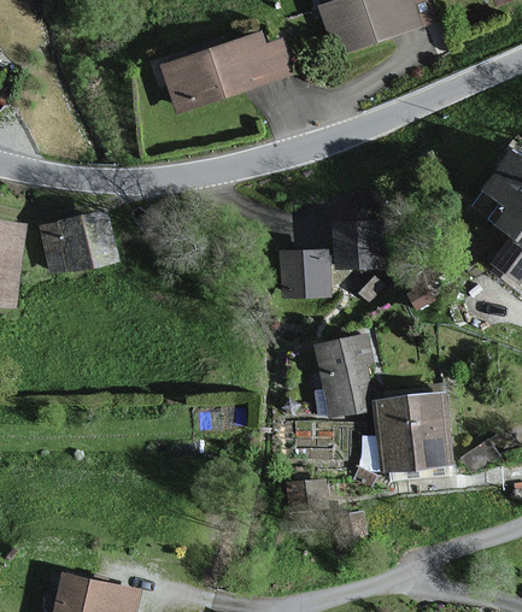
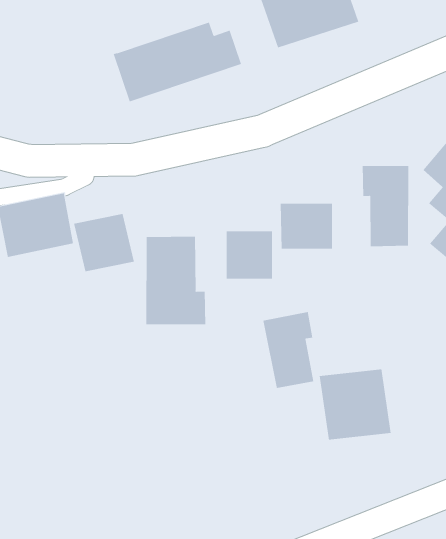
building: none -> [362,165,409,247]
building: none -> [74,213,135,272]
building: none -> [146,236,206,325]

